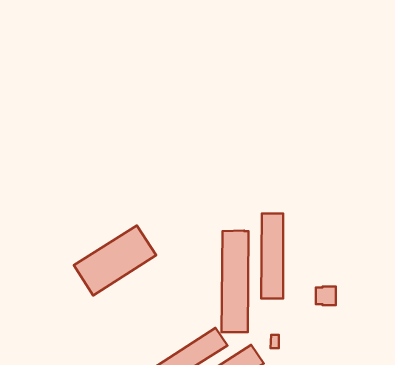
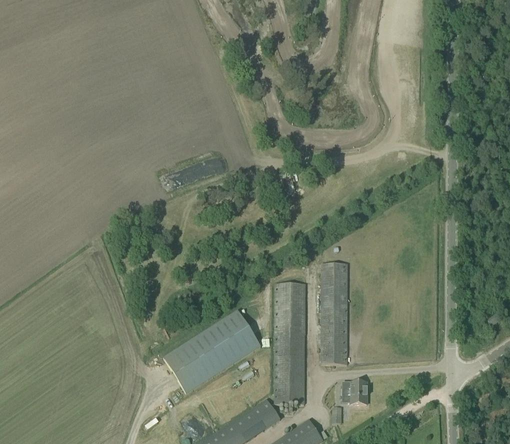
building: [74,226,156,295] -> [162,311,260,394]
building: [316,287,336,305] -> [342,382,366,404]

